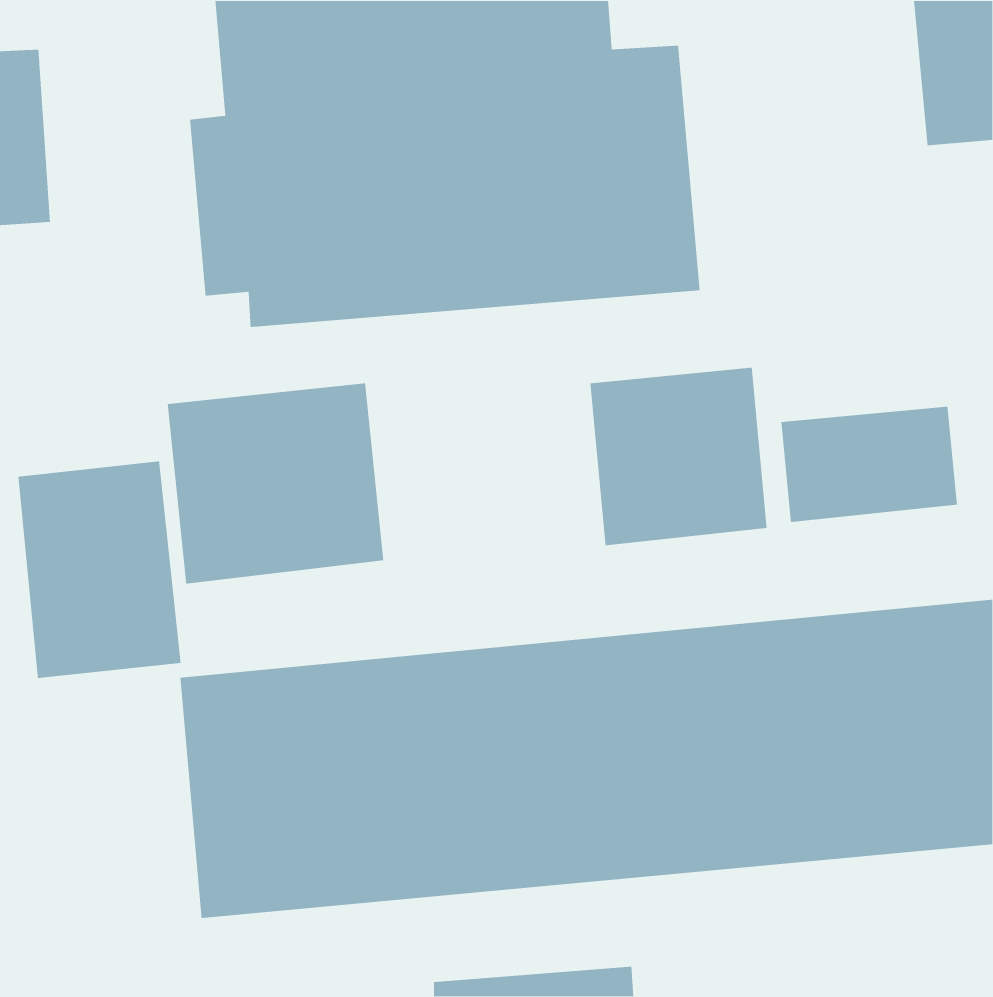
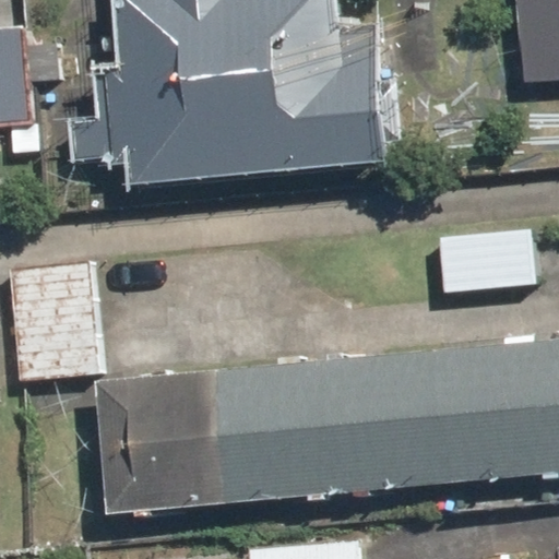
building: [589,367,768,546] -> none
building: [167,382,384,584] -> none

